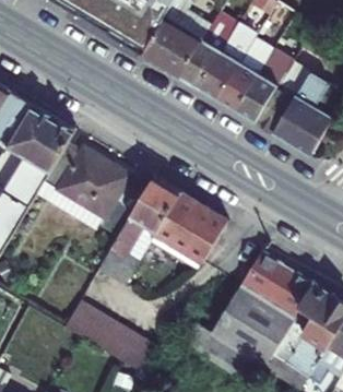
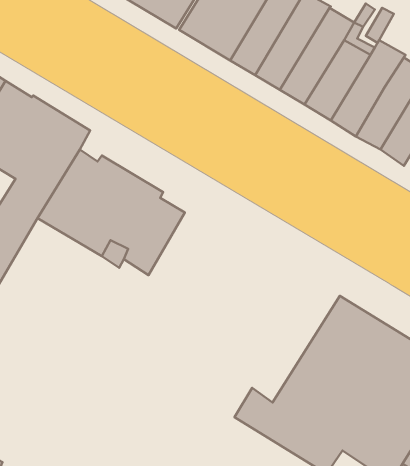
building: [100,177,228,285] -> none
building: [64,301,154,372] -> none

